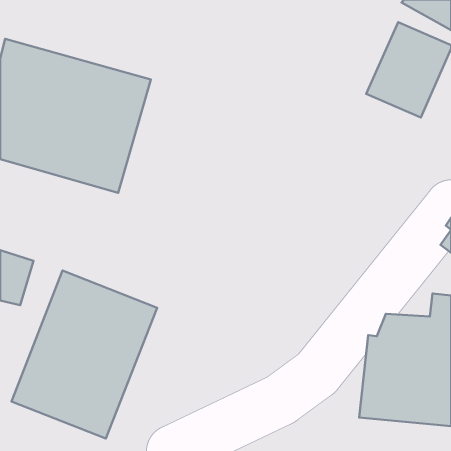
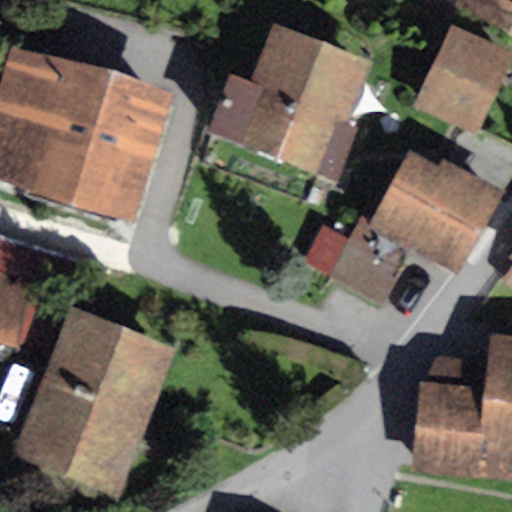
building: none -> [208,22,372,180]
building: none -> [327,151,502,306]

